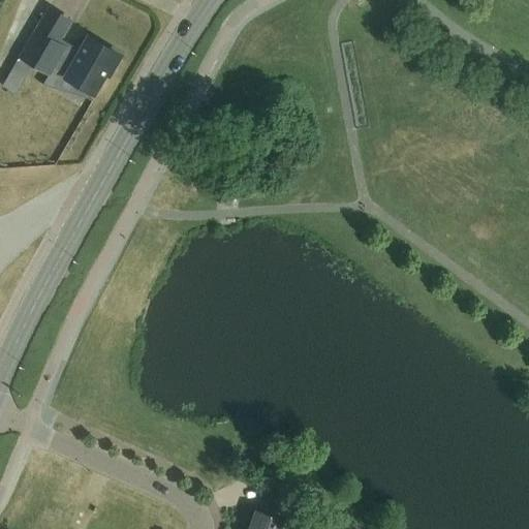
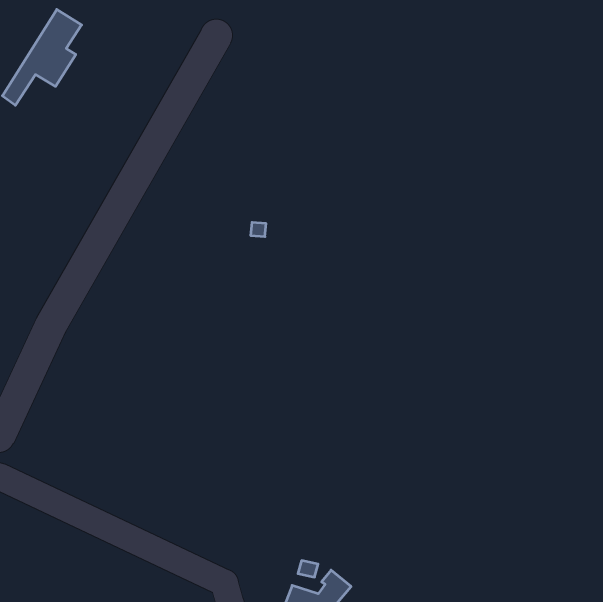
building: [61,41,118,95] -> none

